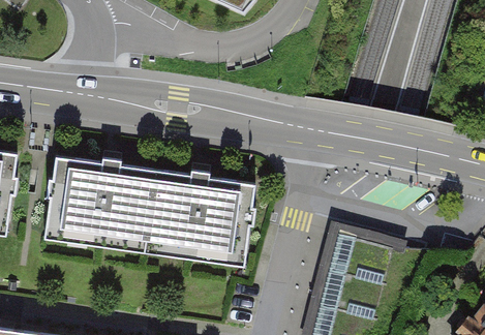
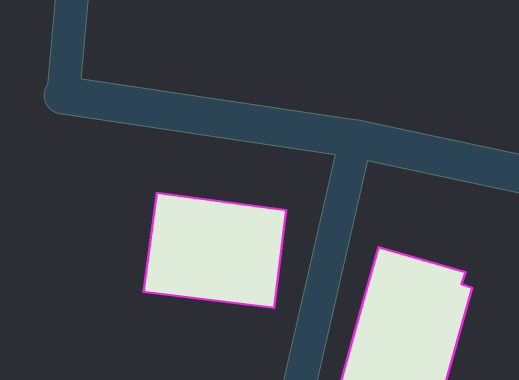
building: [46,160,157,250] -> none

